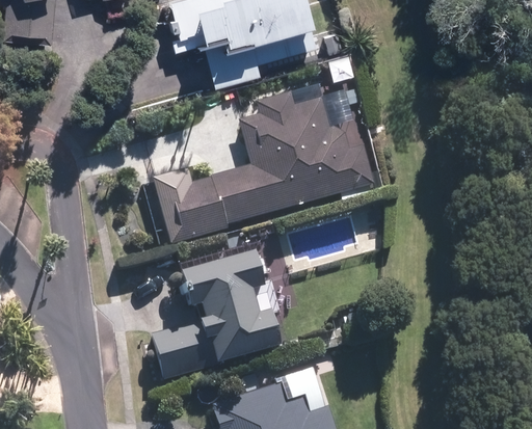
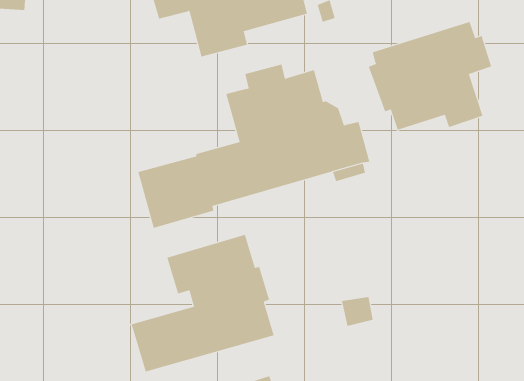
building: none -> [368,21,492,130]

